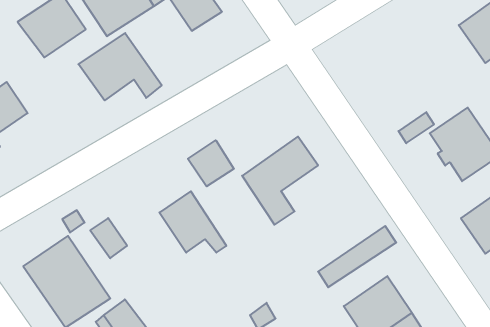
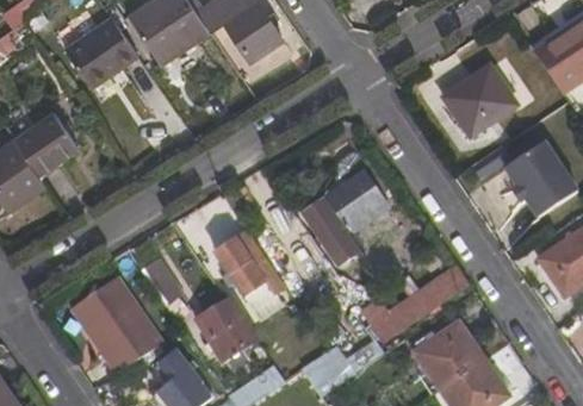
building: [78,33,162,100] -> none
building: none -> [442,64,520,139]
building: [188,140,234,186] -> none
building: none -> [198,296,258,369]

